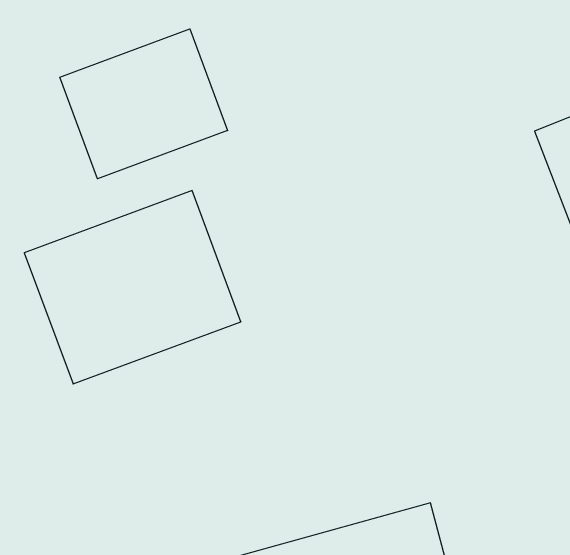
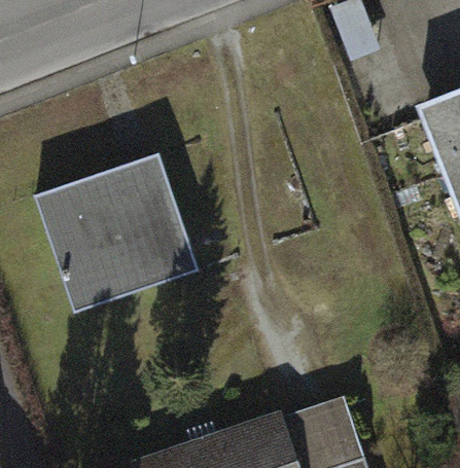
building: [60,29,228,179] -> none

